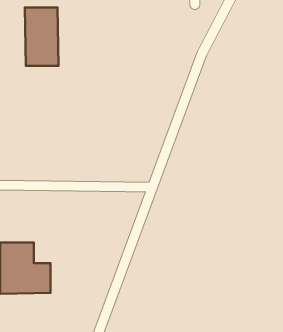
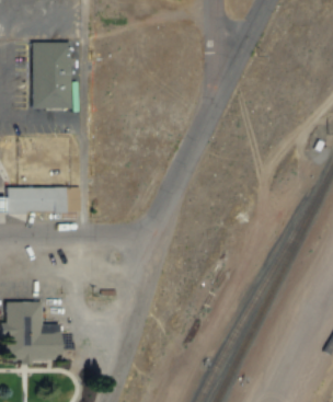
building: none -> [8,191,80,215]

